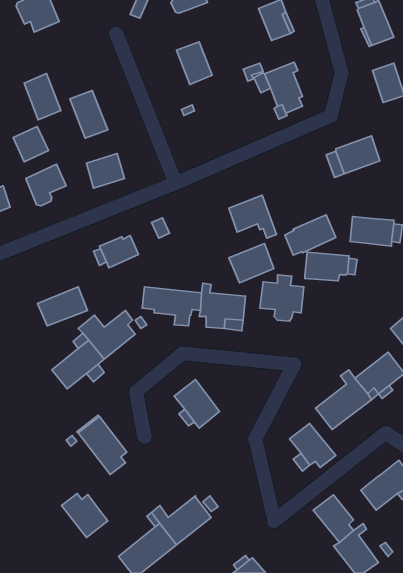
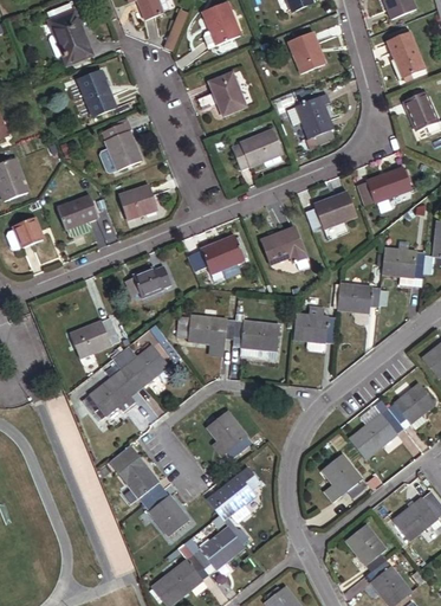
building: [24,73,61,120] -> [78,70,115,116]
building: none -> [231,129,281,169]
building: [13,126,48,162] -> none
building: [285,215,336,255] -> [305,191,356,231]
building: [229,244,274,283] -> [199,234,244,273]
building: none -> [206,473,254,529]
building: [62,493,108,537] -> [142,492,188,536]

